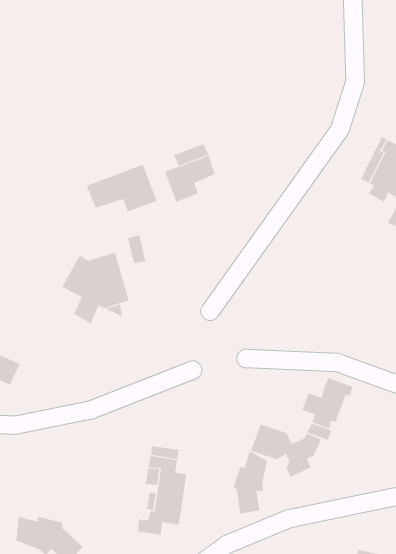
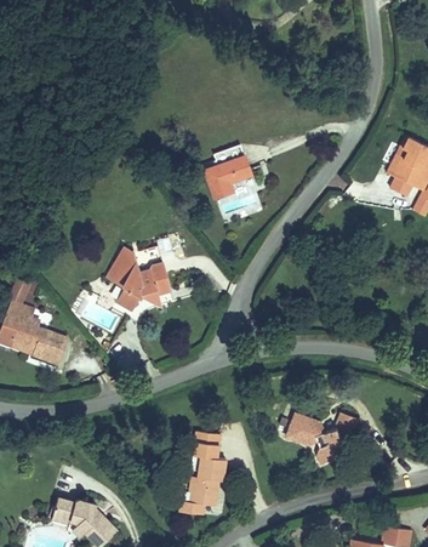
building: [86,164,157,212] -> none
building: [302,377,353,429] -> none
building: [233,451,267,515] -> none

